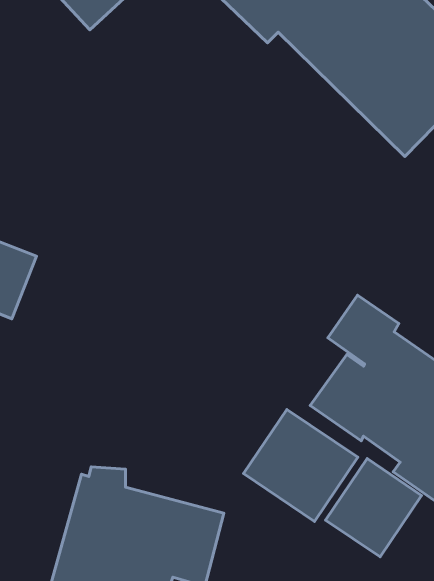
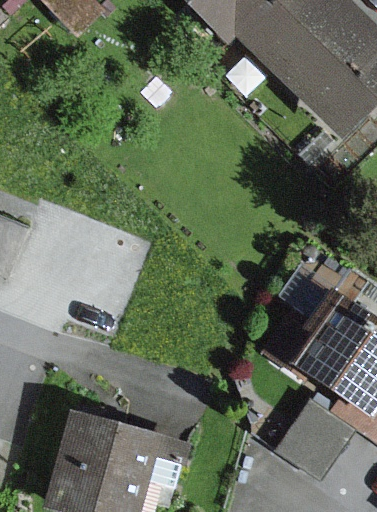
building: [244,409,358,521] -> none

